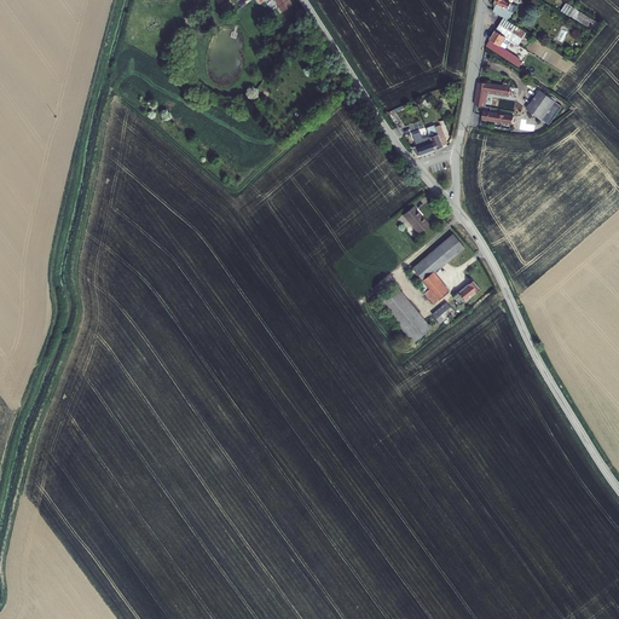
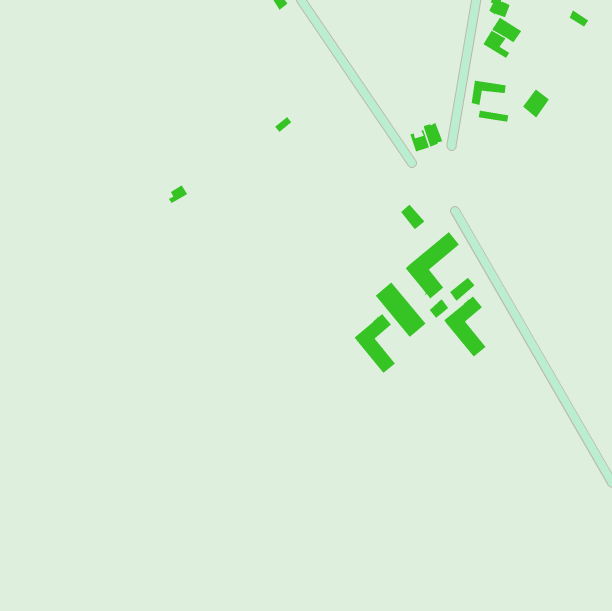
building: none -> [444,295,486,357]
building: none -> [354,313,396,374]

